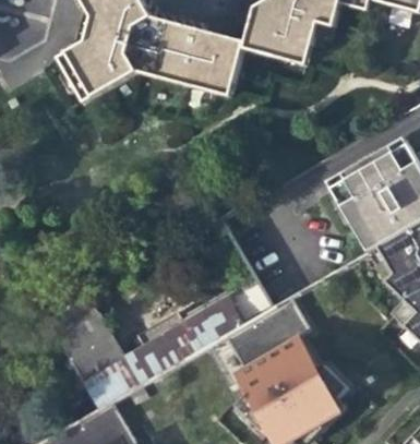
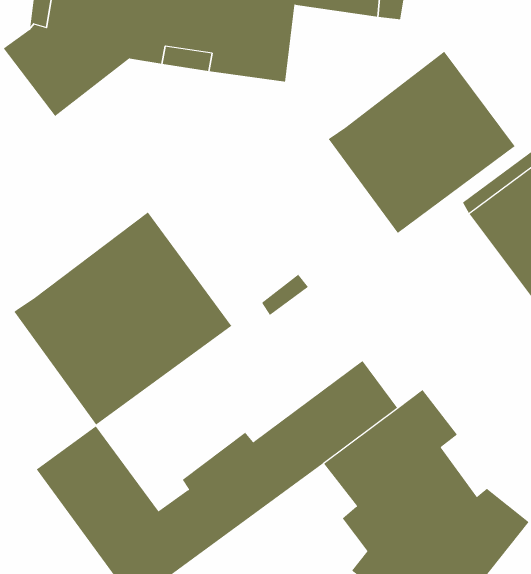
building: none -> [328,51,516,234]
building: none -> [14,211,232,426]

